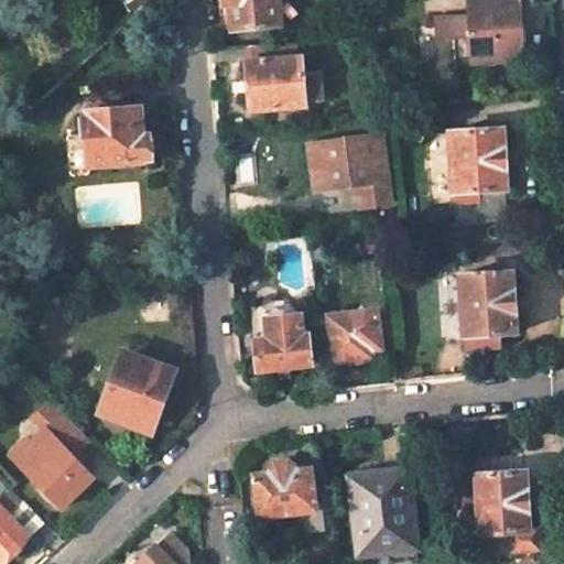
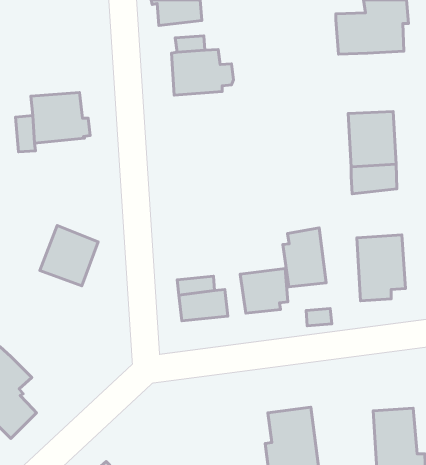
building: [308,133,391,208] -> none
building: none -> [283,228,326,287]
building: [104,357,171,426] -> [40,226,98,286]
building: [253,462,316,517] -> none

